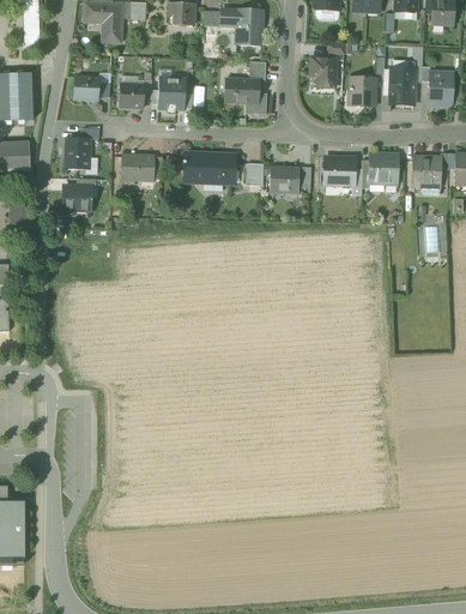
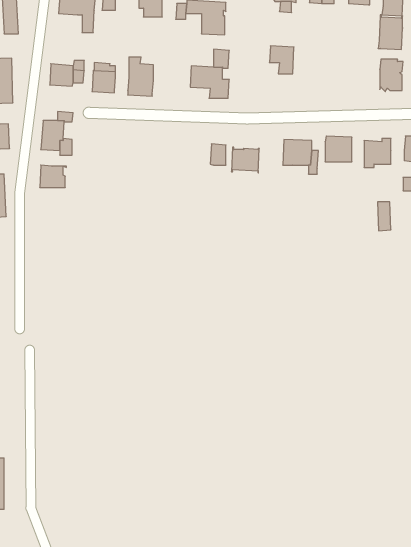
building: [388,67,414,104] -> [378,15,403,49]
building: [349,77,375,103] -> none
building: [120,152,155,181] -> none
building: [182,152,235,183] -> none

